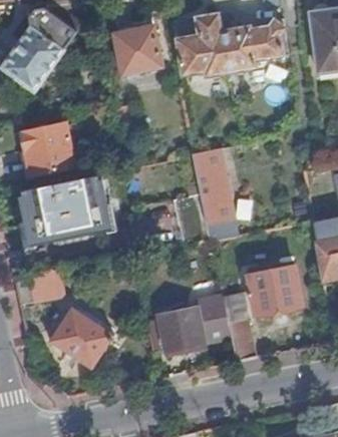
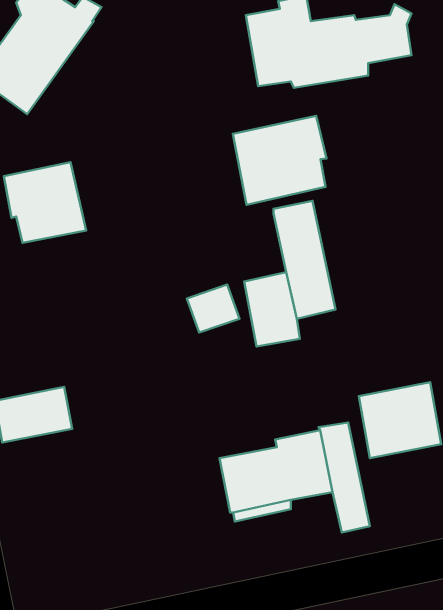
building: [114,27,161,74] -> none
building: none -> [233,116,327,205]
building: [23,175,107,245] -> none
building: [49,308,115,369] -> none

